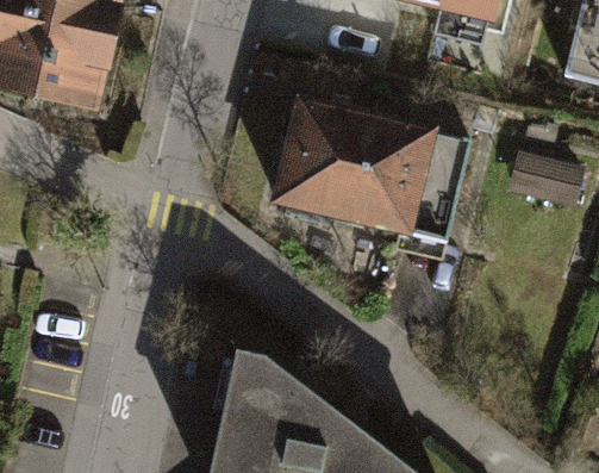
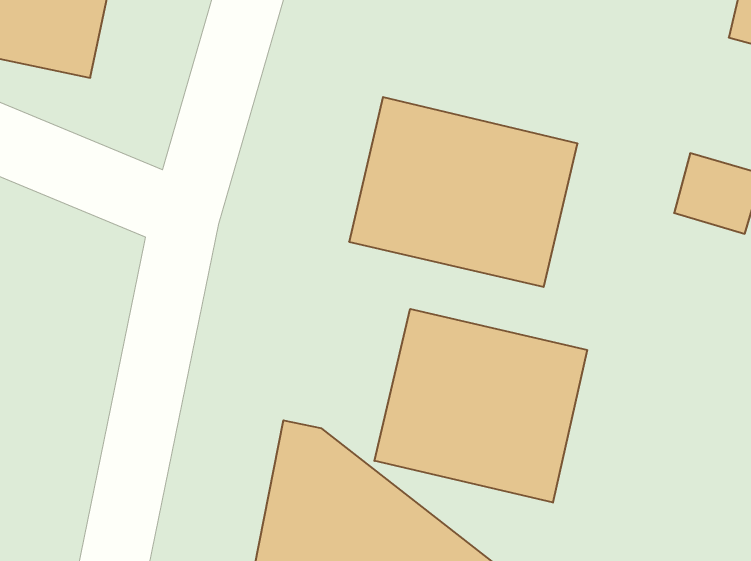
building: none -> [374,309,587,503]

